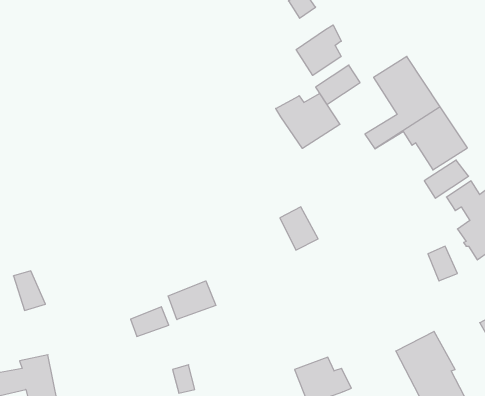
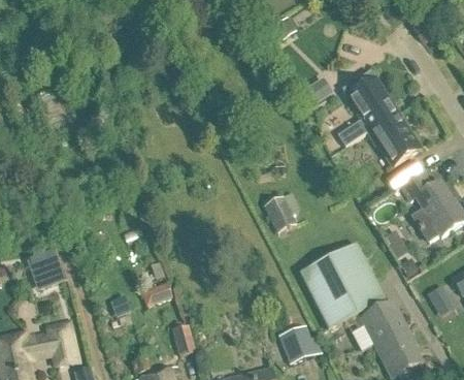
building: [296,25,341,75] -> none
building: [276,93,340,148] -> none
building: none -> [300,245,384,328]
building: [168,281,216,320] -> none

